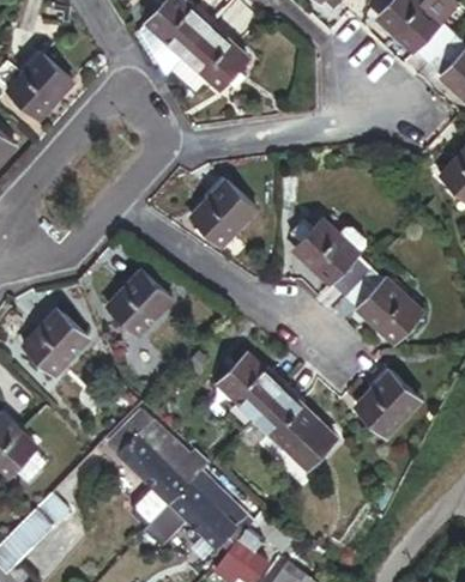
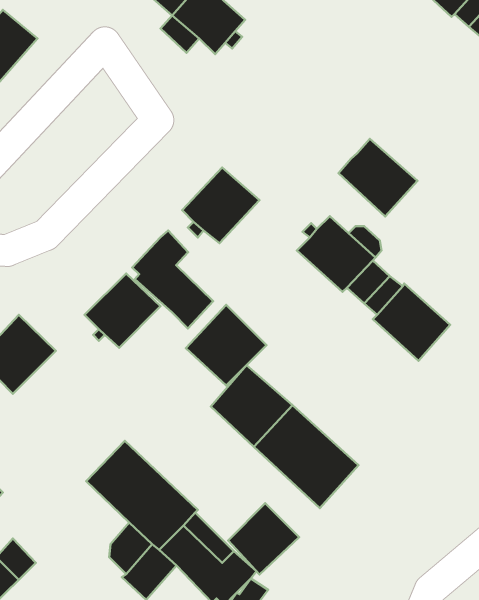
building: none -> [339,139,418,217]
building: none -> [132,230,213,329]
building: none -> [186,305,267,386]
building: [352,374,413,436] -> none
building: none -> [228,503,299,575]

